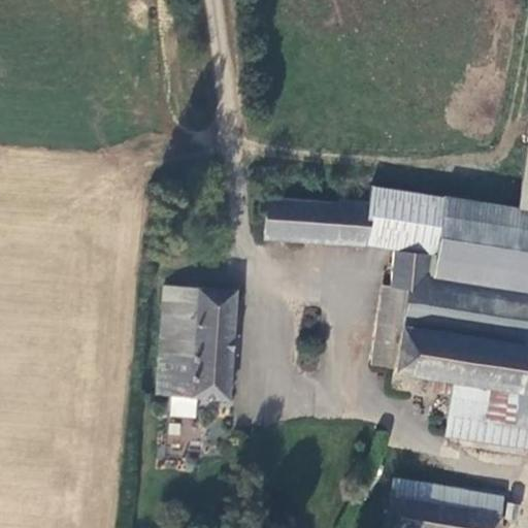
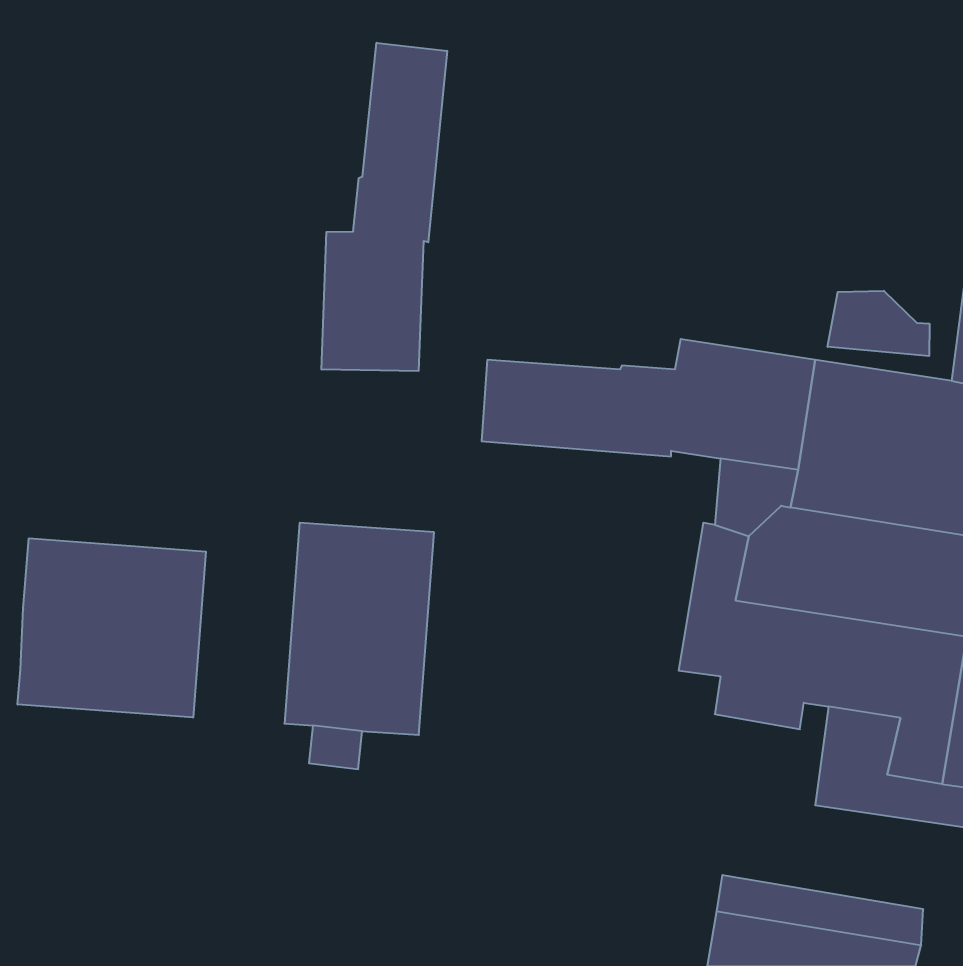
building: none -> [322,43,447,371]
building: none -> [828,291,929,356]
building: none -> [18,538,206,718]

